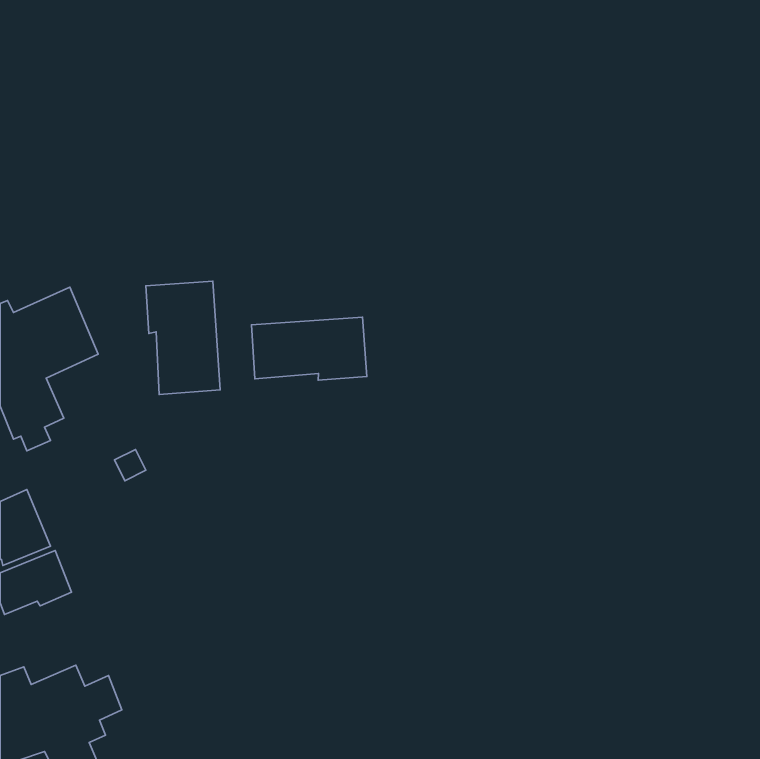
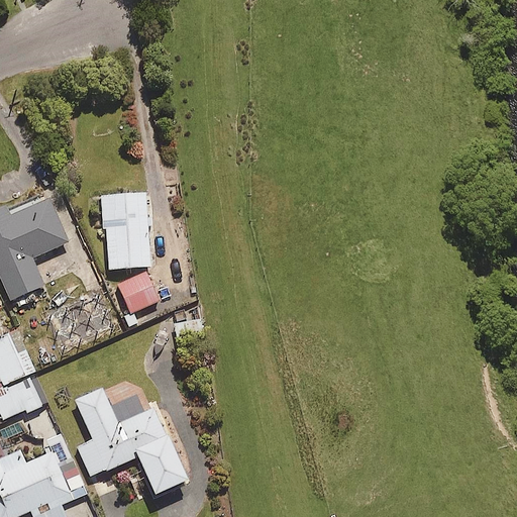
building: [251,317,367,380] -> none
building: none -> [118,273,159,313]
building: none -> [75,388,186,493]

